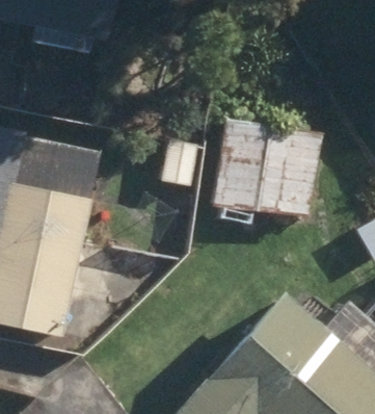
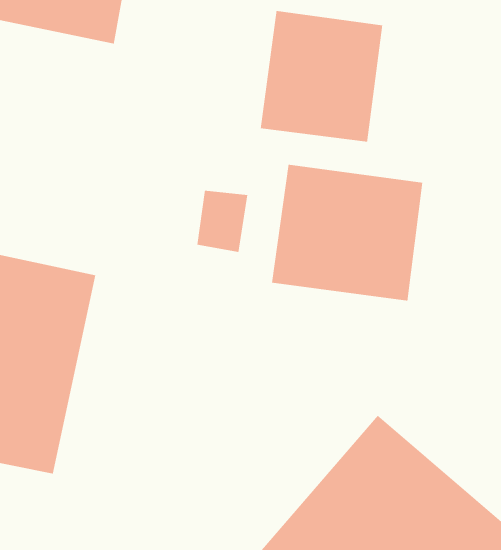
building: none -> [260,10,383,142]

